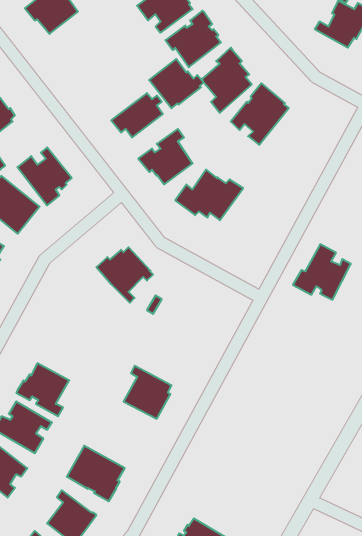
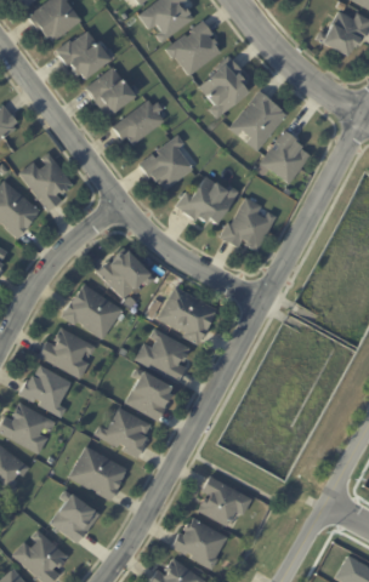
building: none -> [56,30,114,79]
building: [149,59,203,108] -> [86,67,140,115]
building: none -> [259,130,312,183]
building: [293,244,351,300] -> [220,196,277,251]
building: none -> [62,283,123,337]
building: none -> [159,286,218,344]
building: none -> [39,326,95,377]
building: none -> [136,329,189,382]
building: none -> [95,407,151,457]
building: none -> [199,477,254,527]

